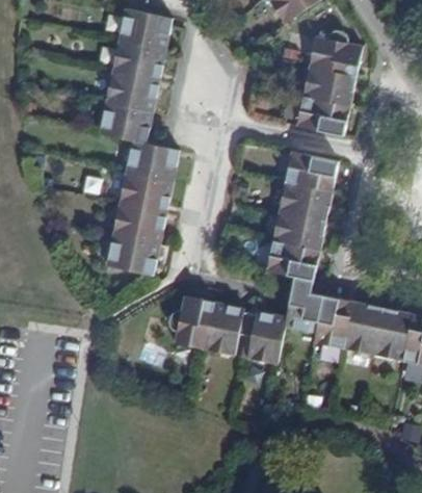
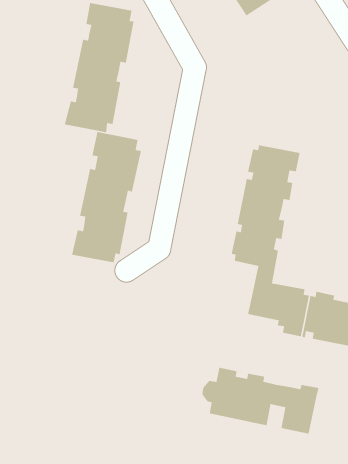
building: [298,30,363,136] -> none
building: [167,295,287,364] -> [202,367,319,434]

